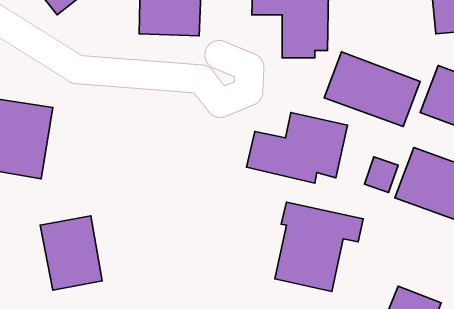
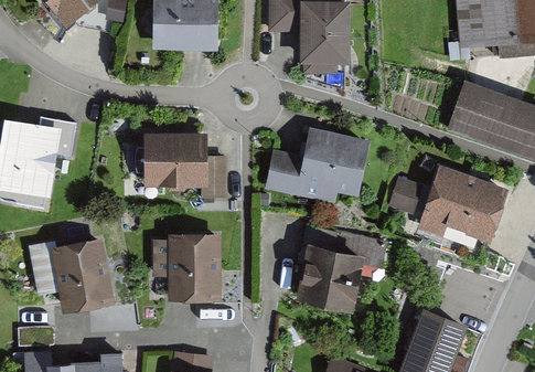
building: [324,52,420,127] -> none
building: none -> [143,135,224,194]
building: none -> [151,233,221,302]

